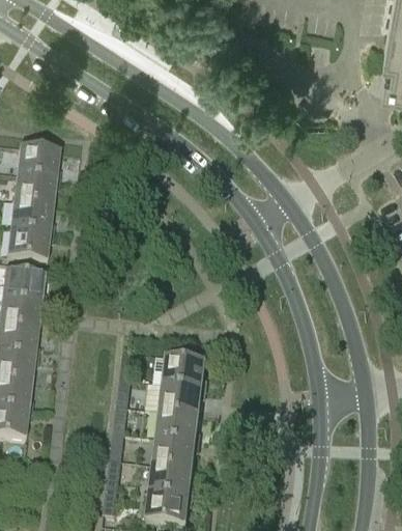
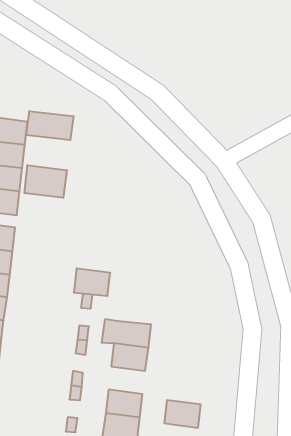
building: none -> [26,111,74,140]
building: none -> [25,165,67,198]
building: [165,354,207,386] -> [74,268,110,296]
building: [154,435,197,467] -> [164,400,201,428]

